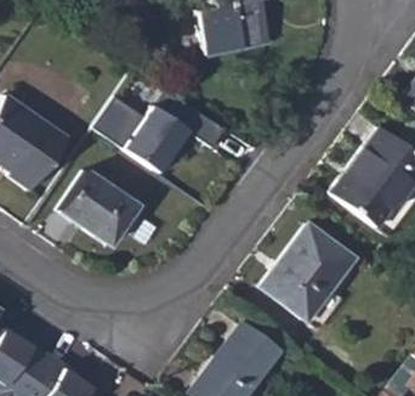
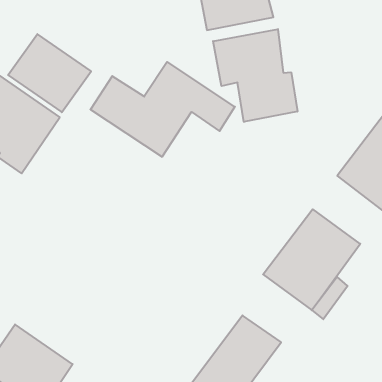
building: none -> [213,29,297,122]
building: [59,171,138,245] -> [8,34,91,112]

